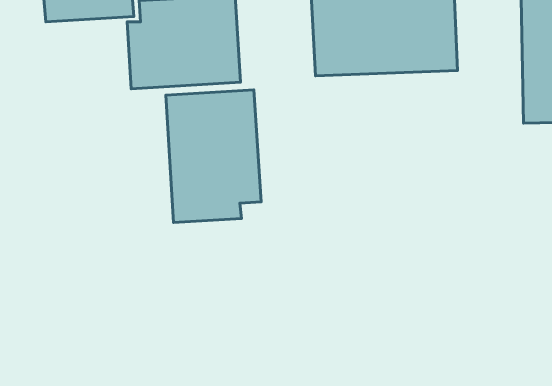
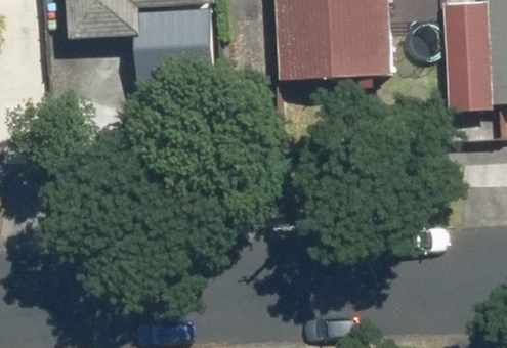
building: [166,90,261,223] -> none

